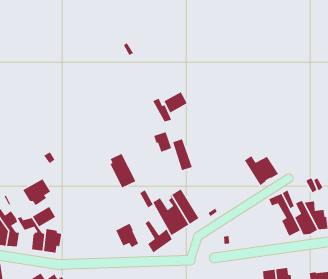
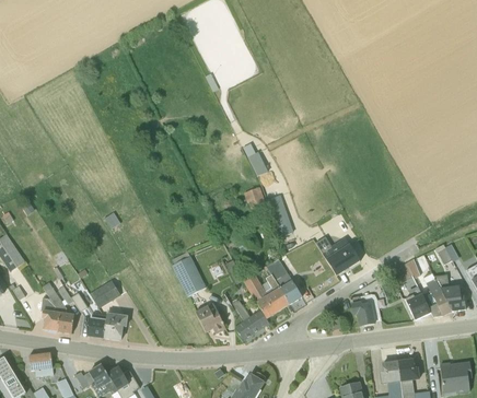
building: [163,91,188,113] -> none
building: [110,153,136,188] -> [172,250,206,295]
building: [244,155,279,186] -> [315,236,360,276]
building: [22,178,51,206] -> none
building: none -> [350,294,381,326]

